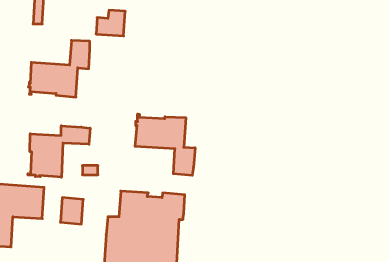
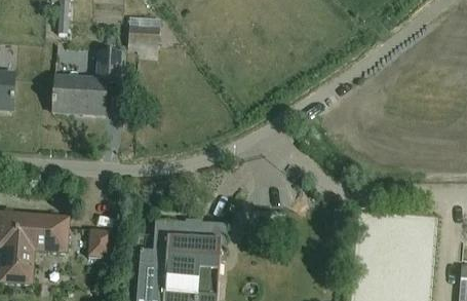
building: [135,114,195,175] -> none
building: [28,126,90,177] -> none

